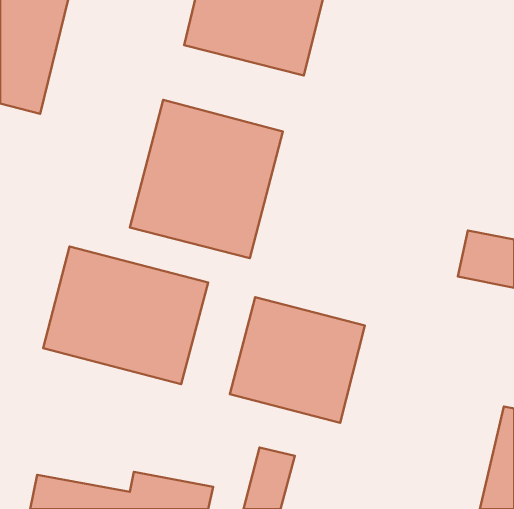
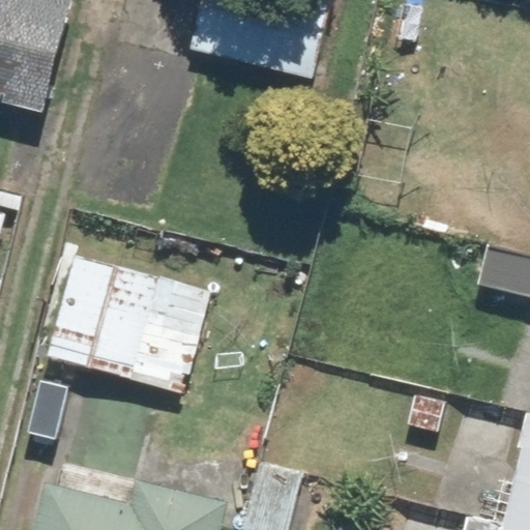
building: [130,100,283,258] -> none
building: [230,297,365,423] -> none

